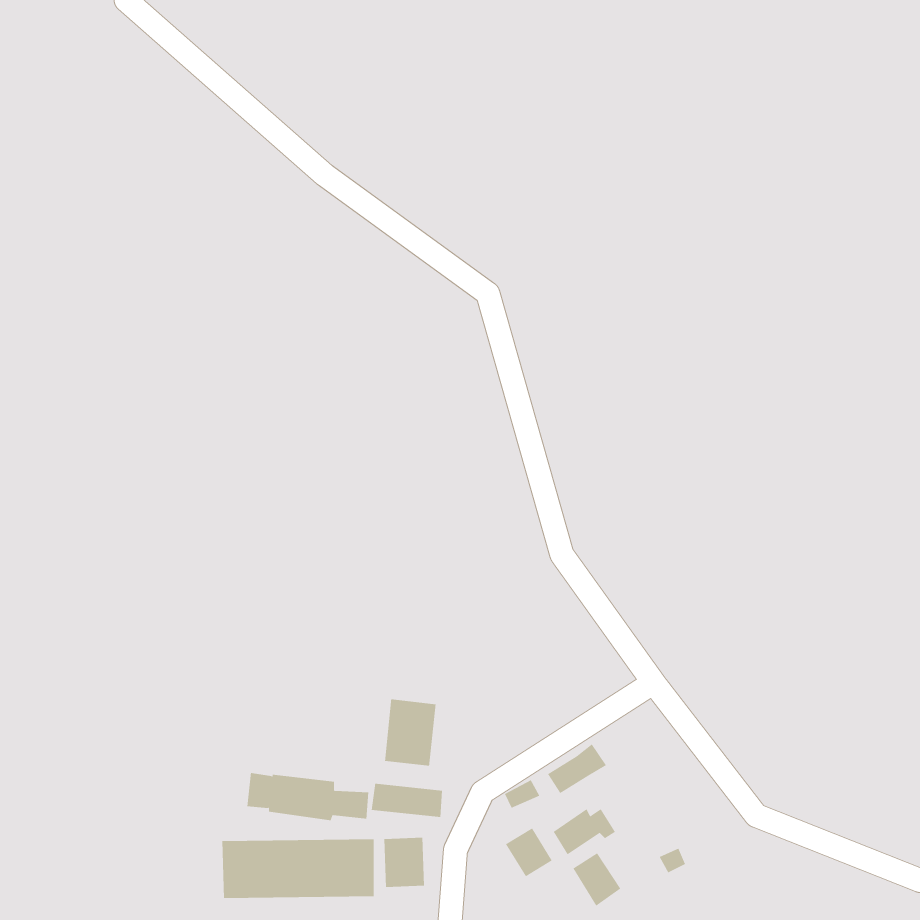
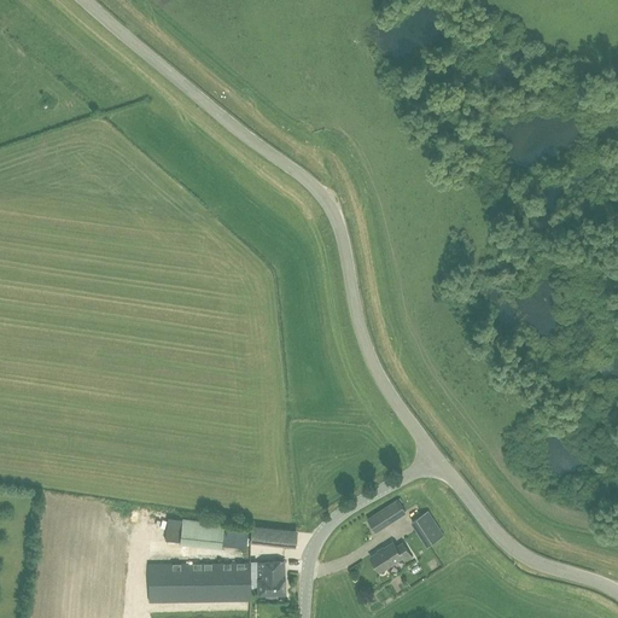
building: [384,699,436,766] -> none
building: [505,828,553,877] -> none
building: [572,852,621,906] -> [412,511,444,547]

